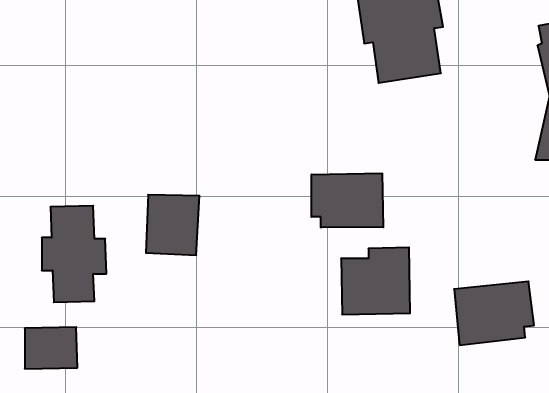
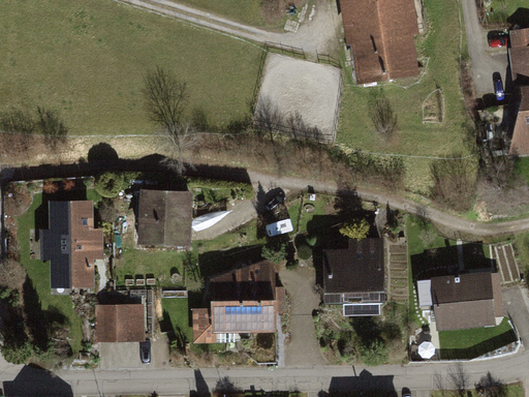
building: [311,173,383,228] -> none
building: none -> [193,255,285,335]
building: [25,327,77,369] -> [97,304,147,343]

